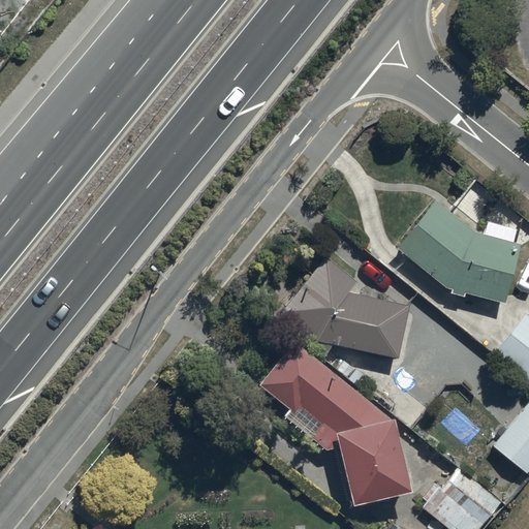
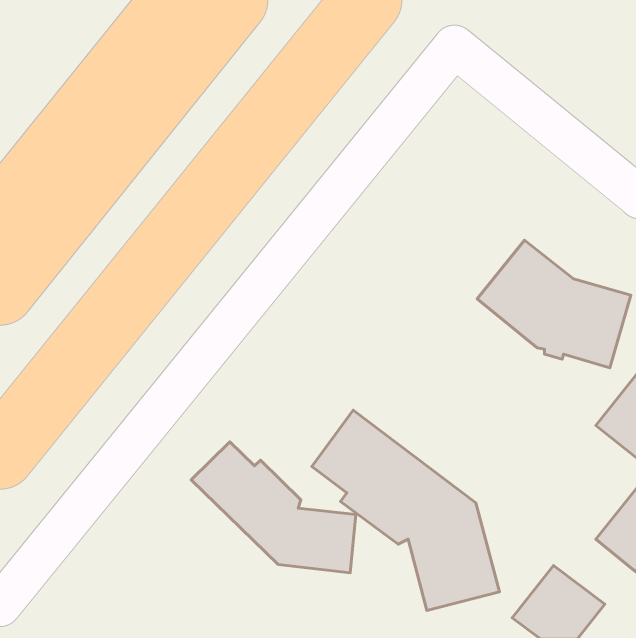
building: [280,255,412,360] -> none
building: none -> [191,442,356,573]

